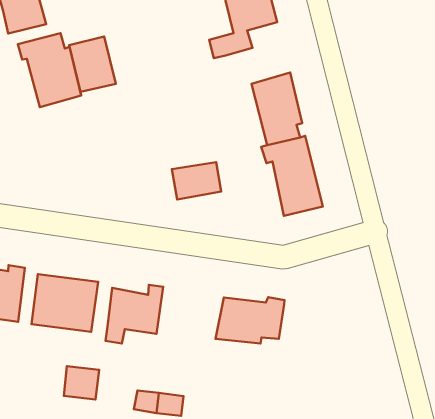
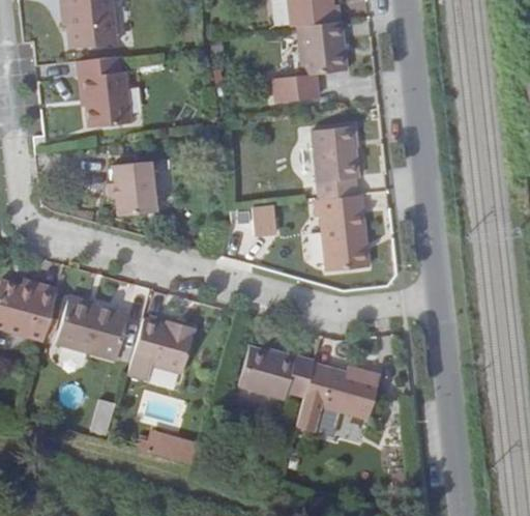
building: [69,36,116,92] -> [111,160,153,213]
building: none -> [295,363,385,433]

